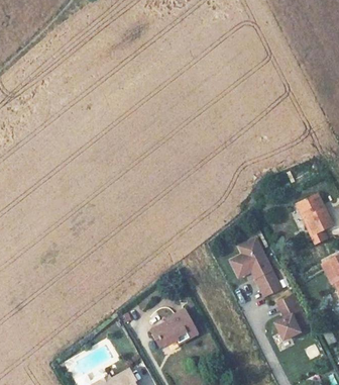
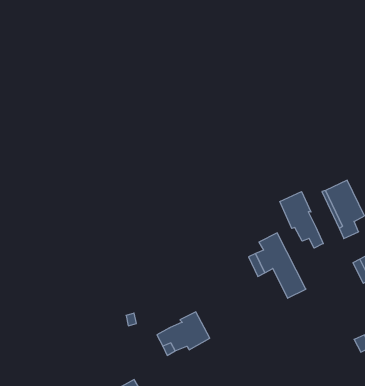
building: none -> [280,192,323,248]
building: [274,294,309,341] -> none

